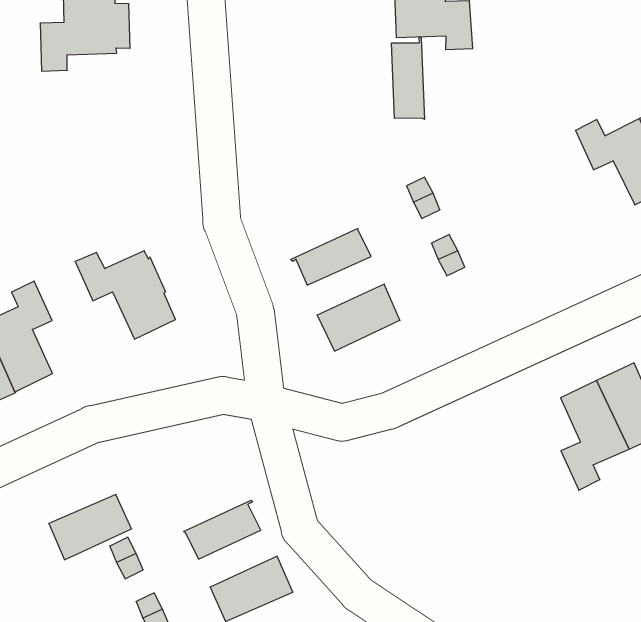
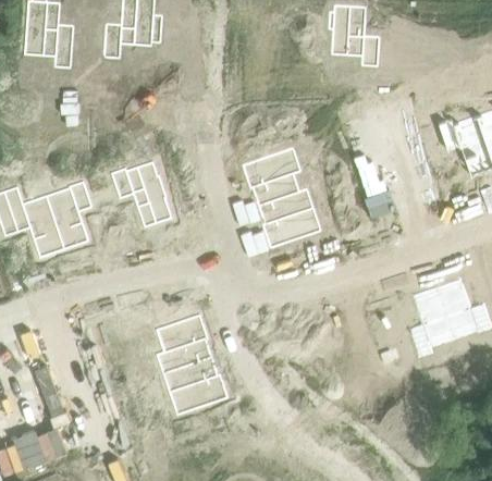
building: [392,37,424,119] -> none
building: none -> [242,149,294,187]
building: none -> [258,190,307,224]
building: [49,494,132,560] -> [156,314,208,353]
building: none -> [171,357,221,390]

